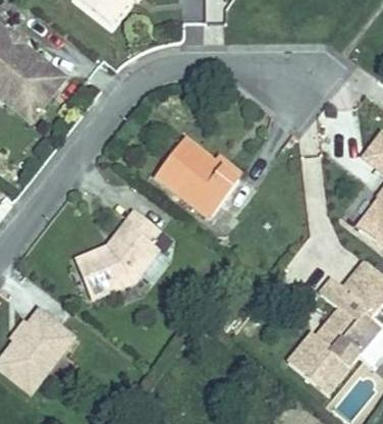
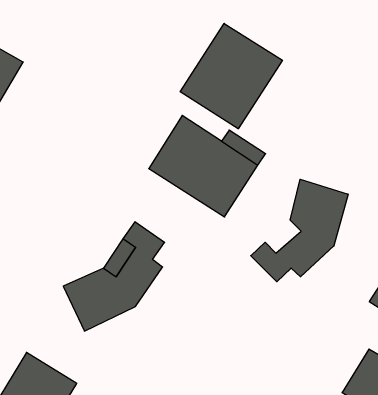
building: none -> [180,23,282,129]
building: none -> [251,179,348,282]

